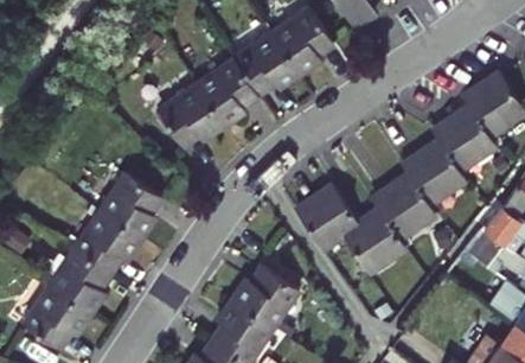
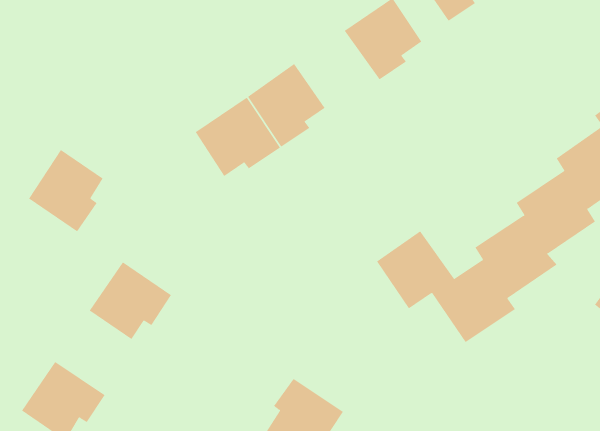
building: [236,36,301,95] -> none
building: [103,176,161,240] -> [28,149,104,232]
building: [51,251,110,317] -> none
building: [235,269,299,330] -> none

